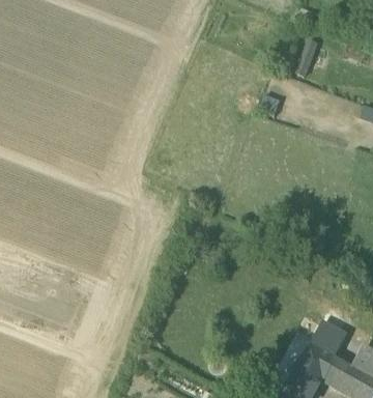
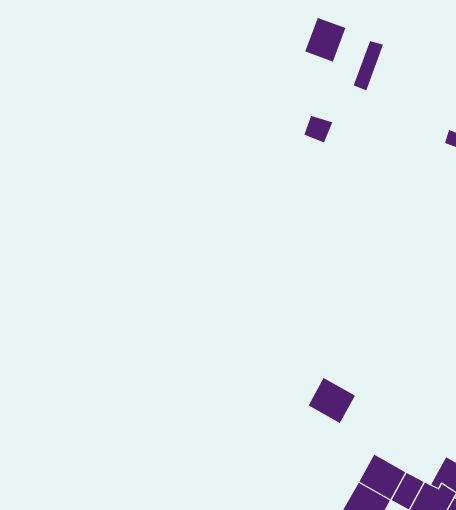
building: none -> [305,17,346,62]
building: [310,321,345,356] -> [308,377,356,424]

